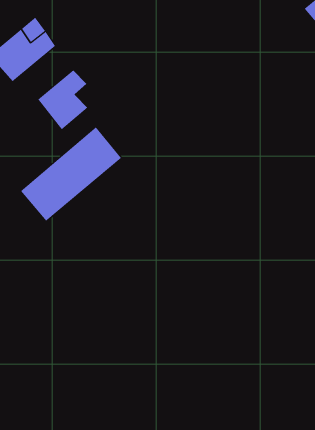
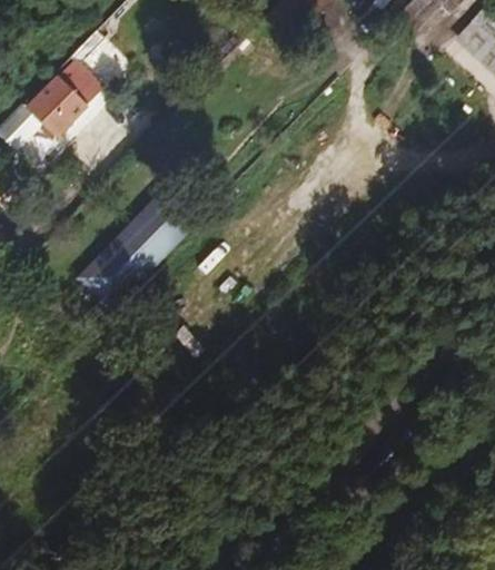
building: [37,69,88,130] -> none

